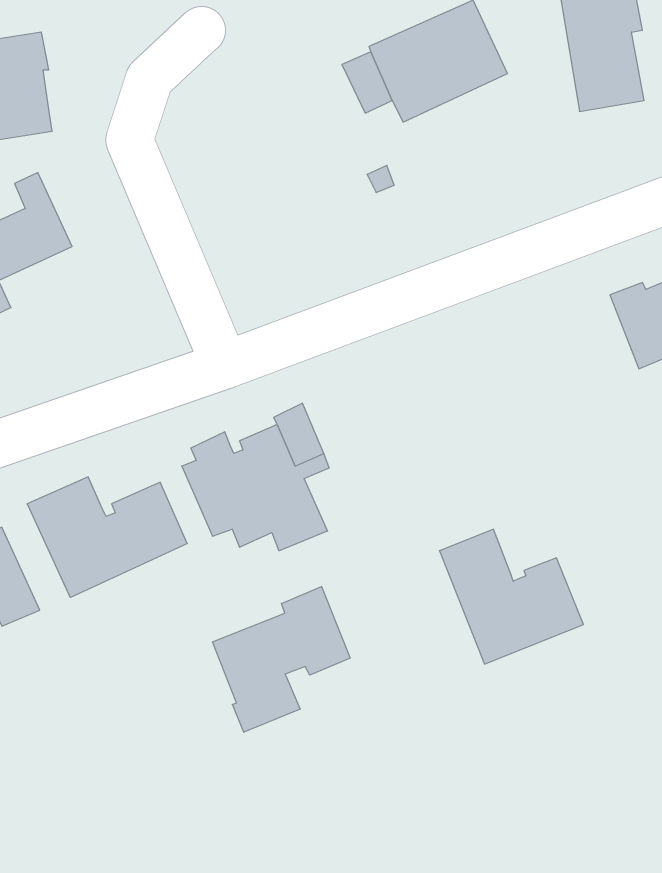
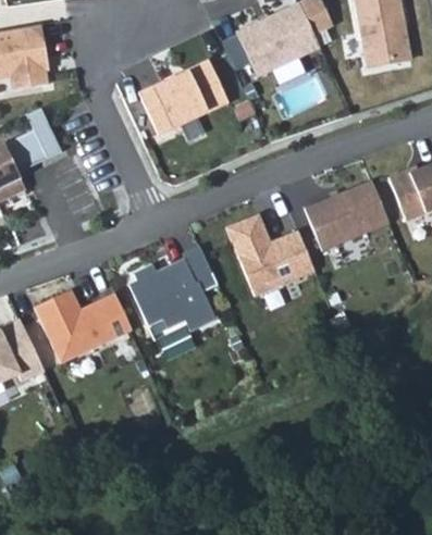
building: none -> [144,58,234,133]
building: none -> [304,182,386,250]
building: [439,529,583,664] -> [230,216,317,298]
building: [213,586,350,732] -> none

